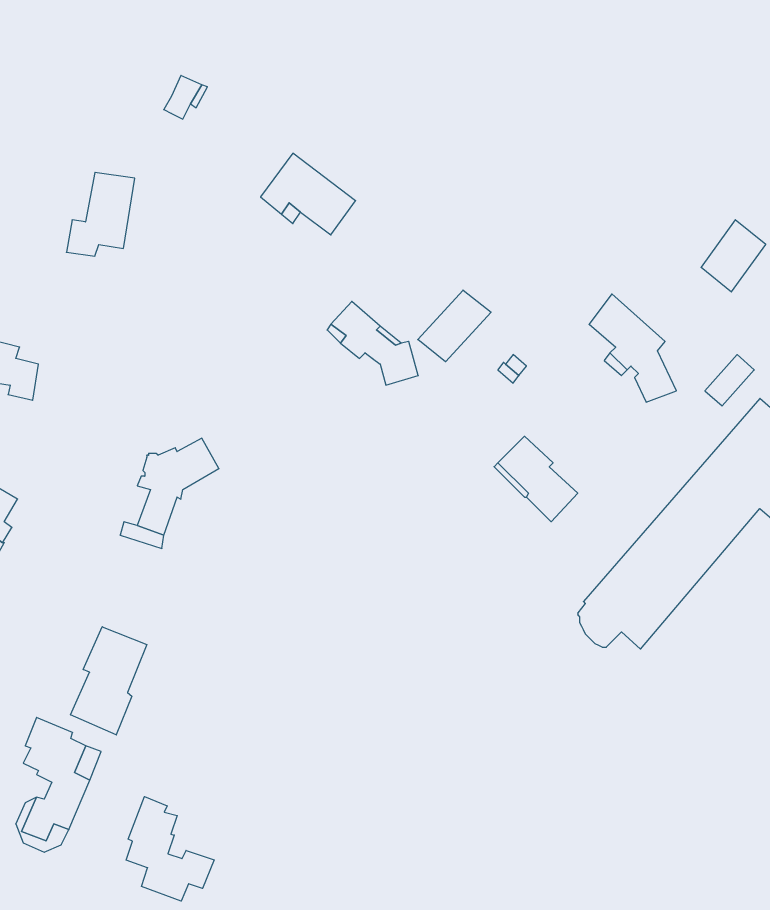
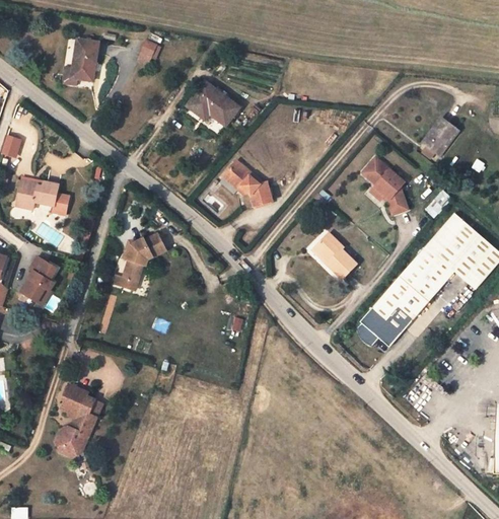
building: [66,172,135,256] -> [61,41,97,85]
building: [418,290,491,362] -> none
building: [71,627,147,735] -> none
building: [126,797,214,901] -> none

